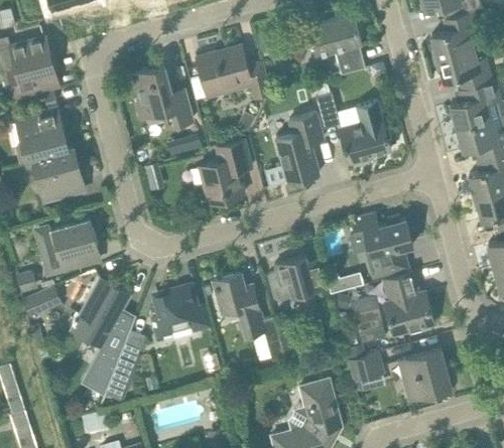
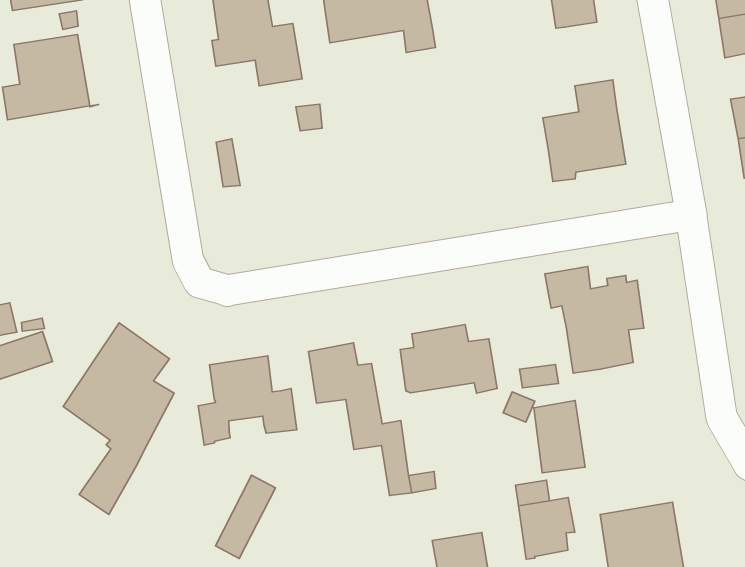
building: [314,93,339,128] -> none
building: [274,113,322,182] -> none
building: [198,139,250,203] -> none
building: [18,148,84,200] -> none
building: [33,221,99,276] -> none
building: [382,271,433,335] -> none
building: [105,348,137,399] -> [215,475,276,558]

